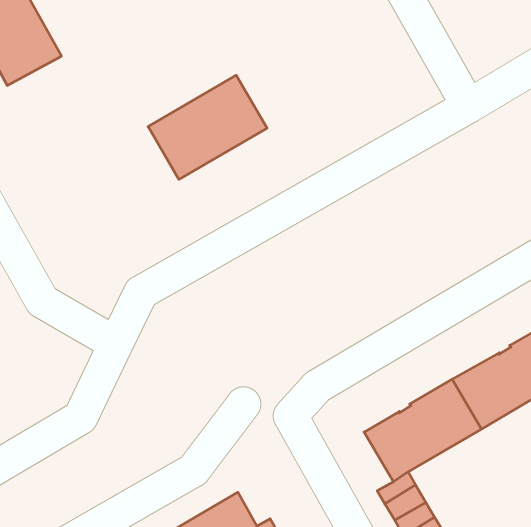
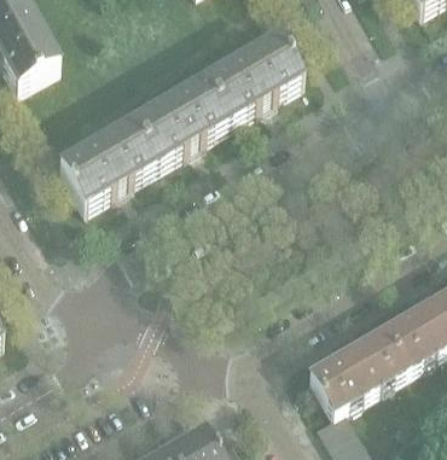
building: none -> [203,35,302,121]
building: none -> [58,120,156,205]

